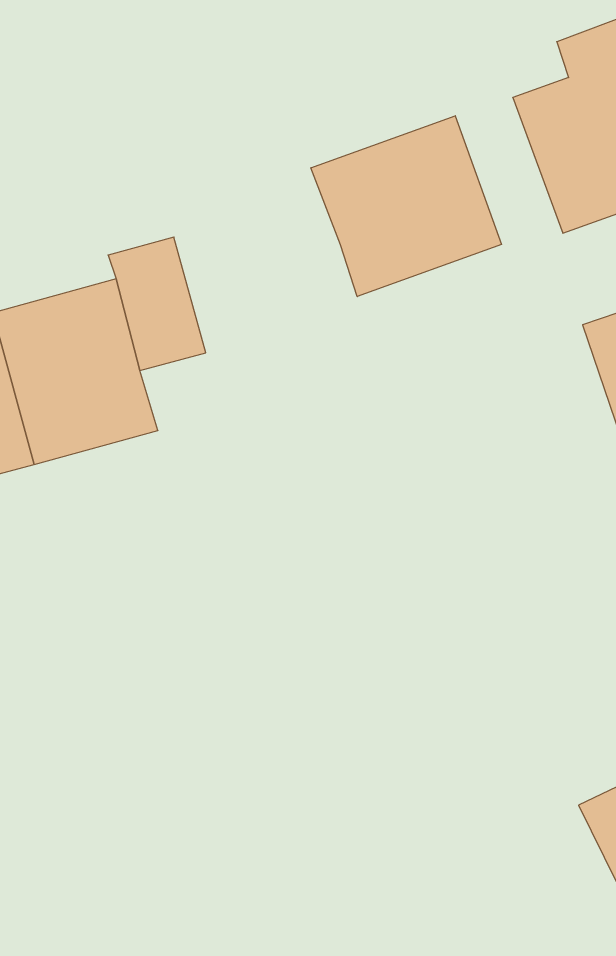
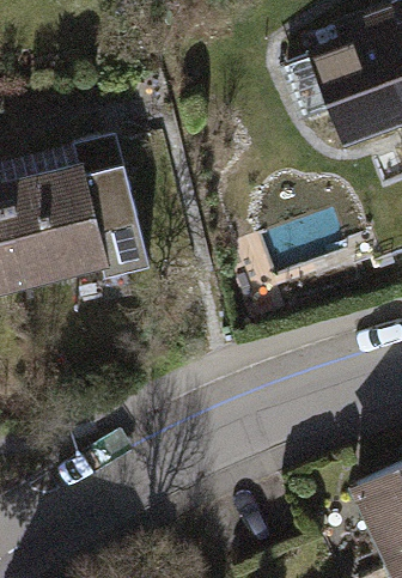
building: [311,116,502,297] -> none

